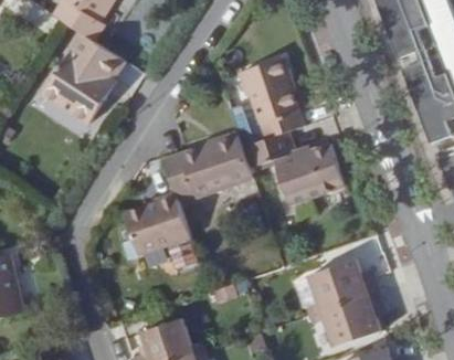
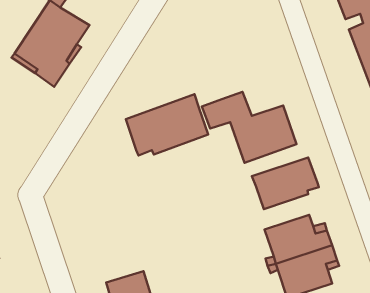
building: [239,59,302,138] -> none
building: [122,192,190,255] -> none
building: none -> [252,157,319,209]

